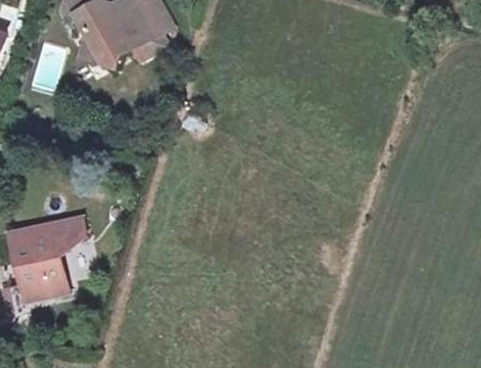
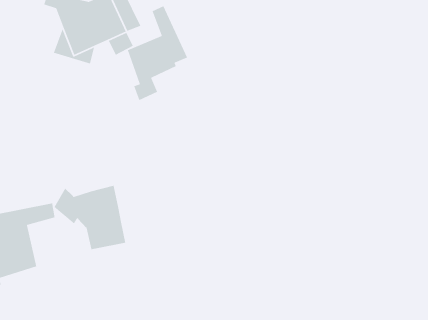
building: none -> [127,5,188,101]
building: none -> [54,185,126,250]

